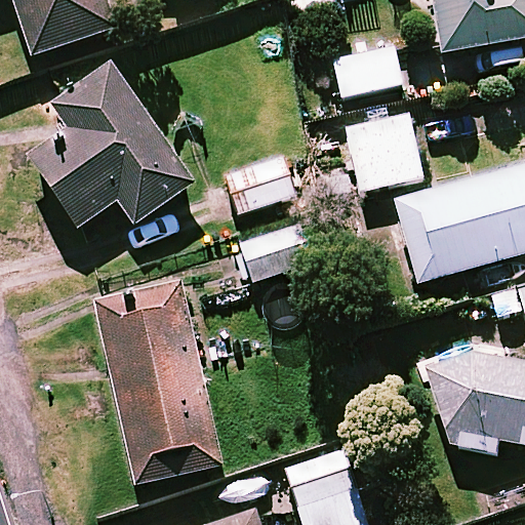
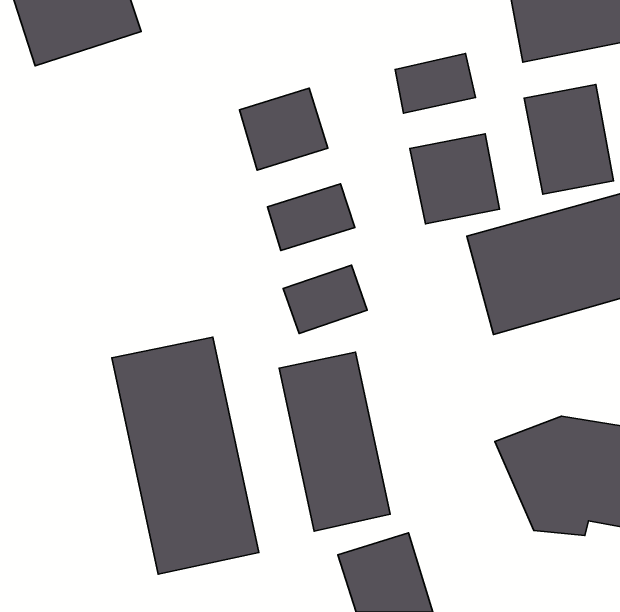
building: [28,63,194,228] -> none
building: none -> [524,84,613,194]
building: none -> [239,88,328,170]
building: none -> [279,352,390,531]

